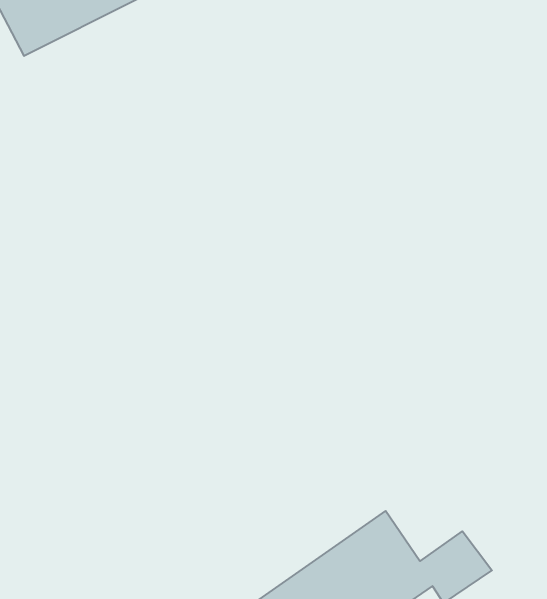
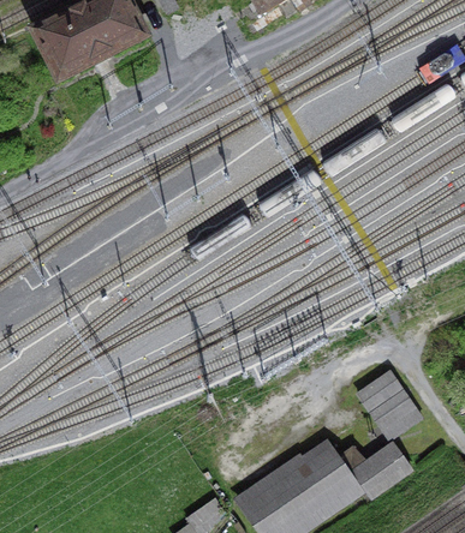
building: none -> [360,372,423,438]

